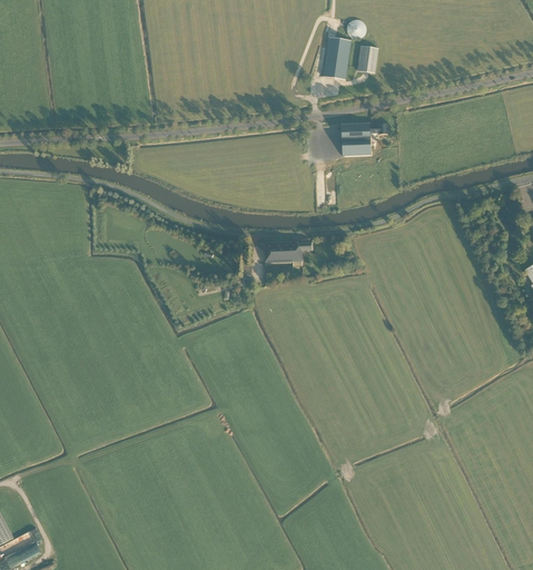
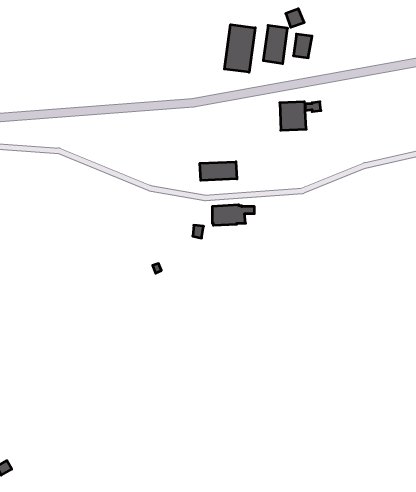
building: none -> [224,25,255,72]
building: none -> [200,162,237,180]

